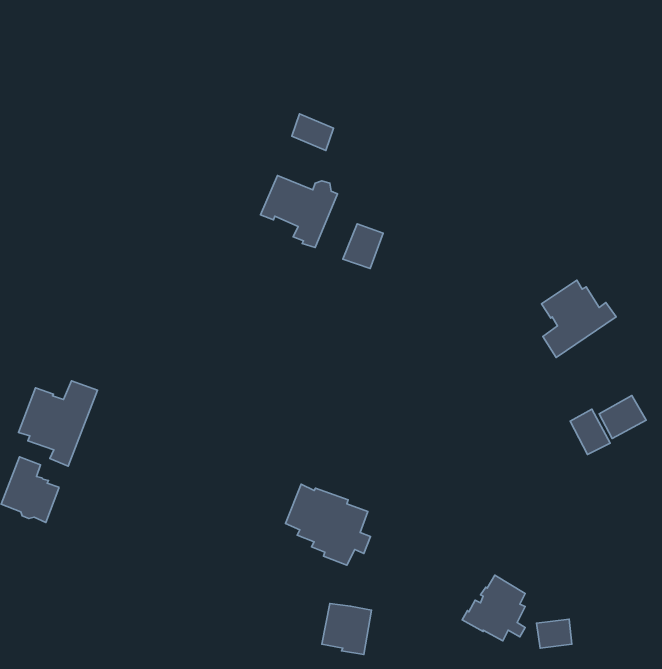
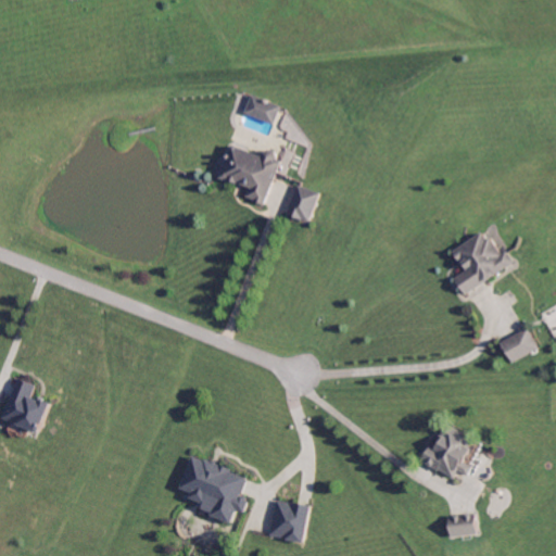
building: [18,381,98,466] -> none
building: [570,409,610,454] -> none
building: [285,484,371,565] -> [177,456,248,523]
building: [462,575,525,641] -> [417,425,469,479]

